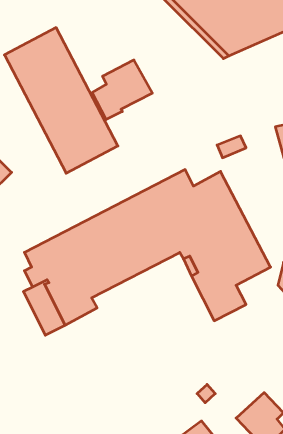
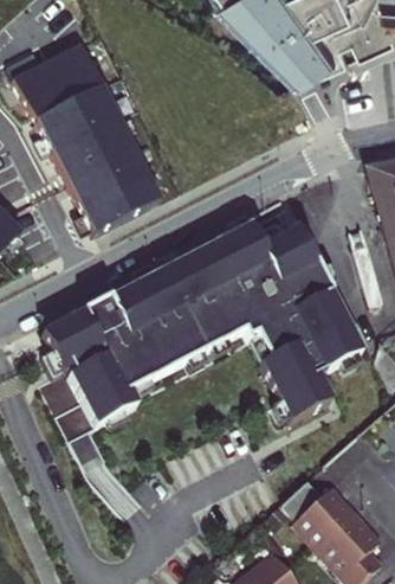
building: [92,60,152,120] -> none
building: none -> [281,480,354,547]

